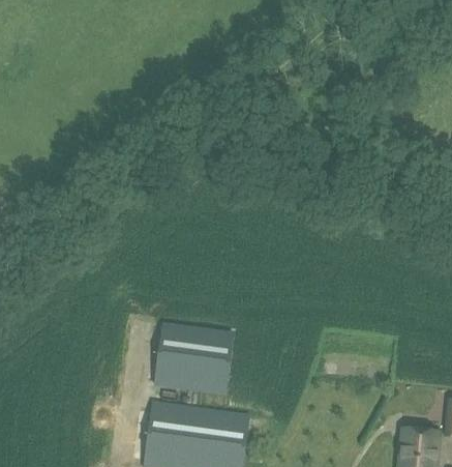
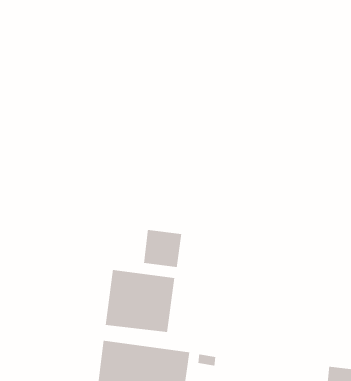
building: none -> [144,229,182,268]

